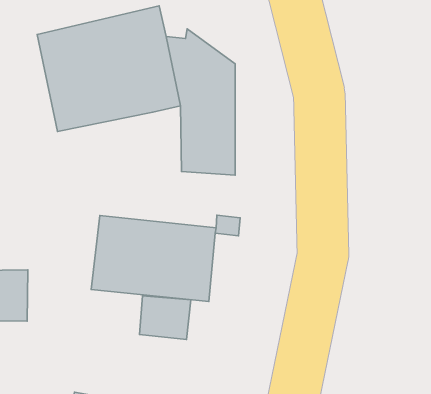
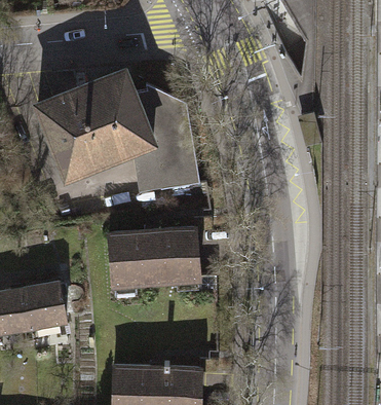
building: none -> [129,142,158,192]
building: [139,296,191,339] -> none

